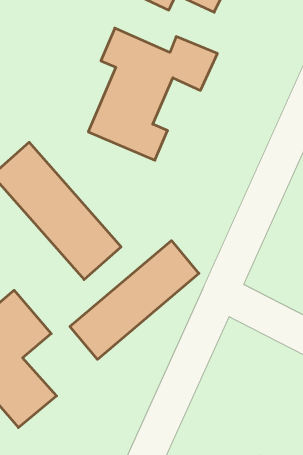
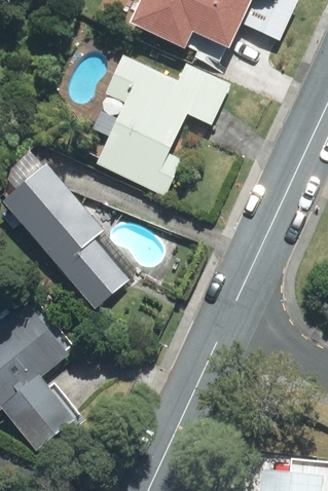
building: [70,241,199,359] -> none

